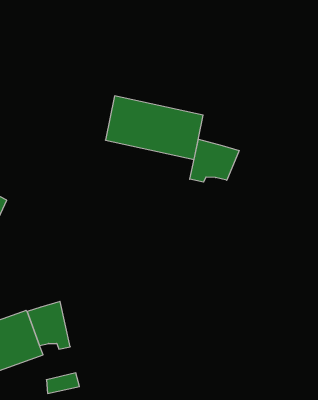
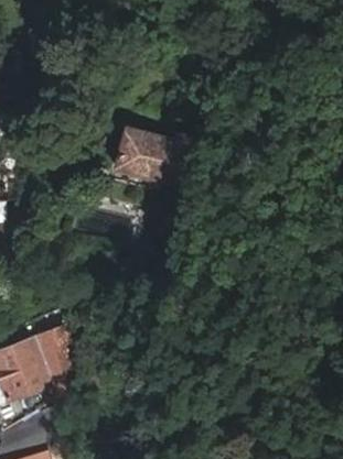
building: [190,139,239,182] -> none

